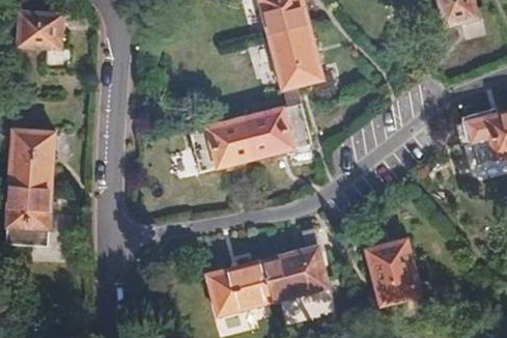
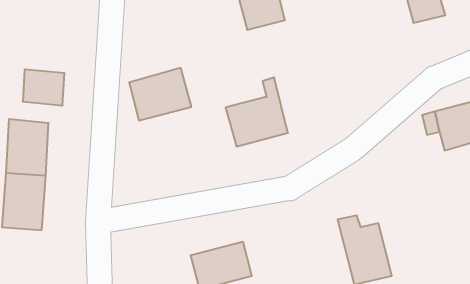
building: [19,12,63,51] -> [23,69,65,105]
building: [266,24,321,89] -> none
building: [189,117,255,173] -> [129,68,191,120]
building: [262,229,328,297] -> none

